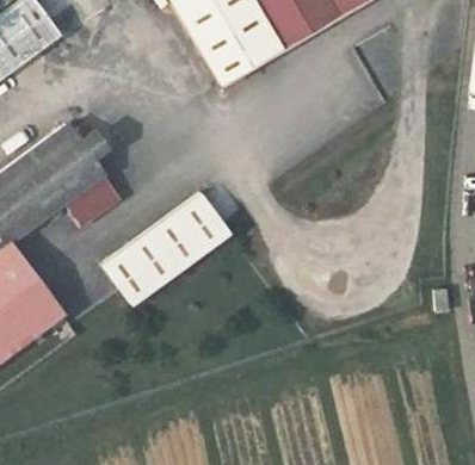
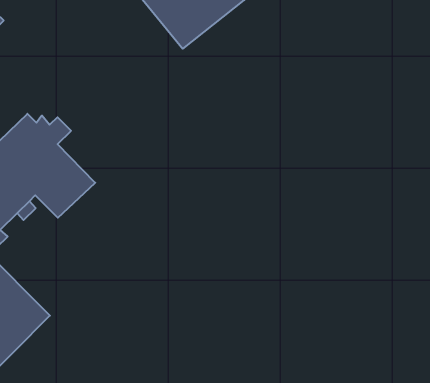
building: [101,191,230,305] -> none

